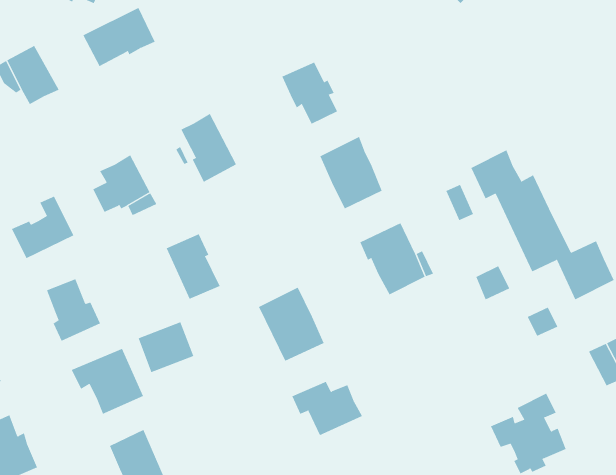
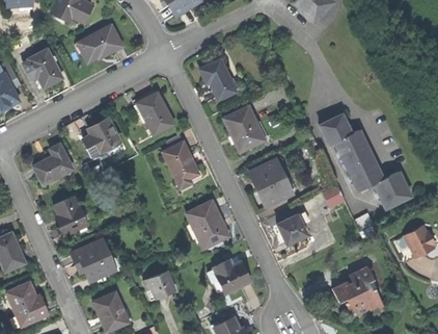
building: [166,233,221,300] -> [163,143,197,184]
building: none -> [277,215,307,246]
building: [138,322,194,373] -> [142,265,177,298]

